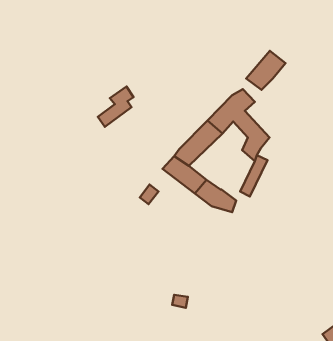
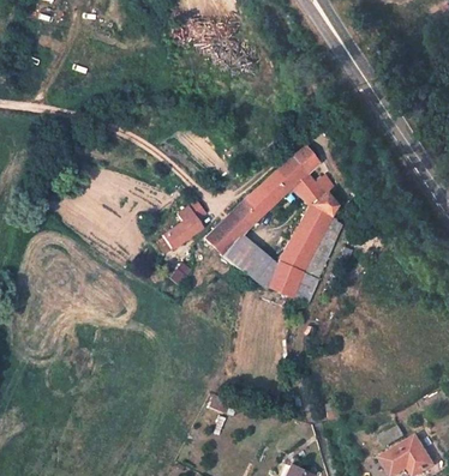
building: [246,51,286,90] -> none
building: [98,86,133,127] -> [161,206,204,255]
building: none -> [275,221,316,282]

